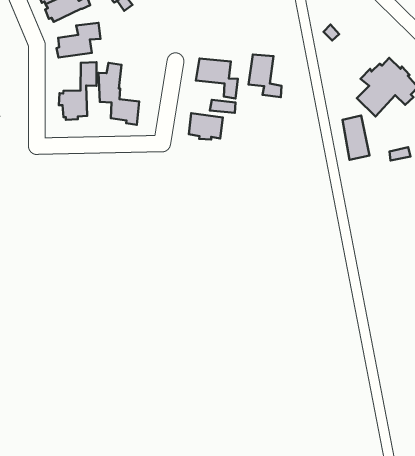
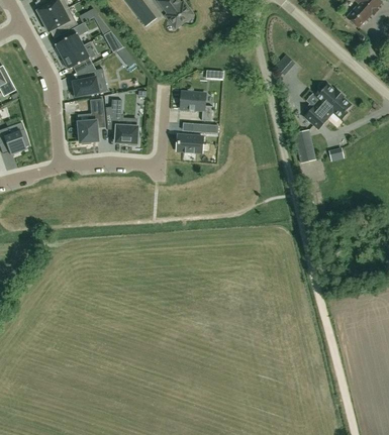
building: [248,55,282,97] -> none

